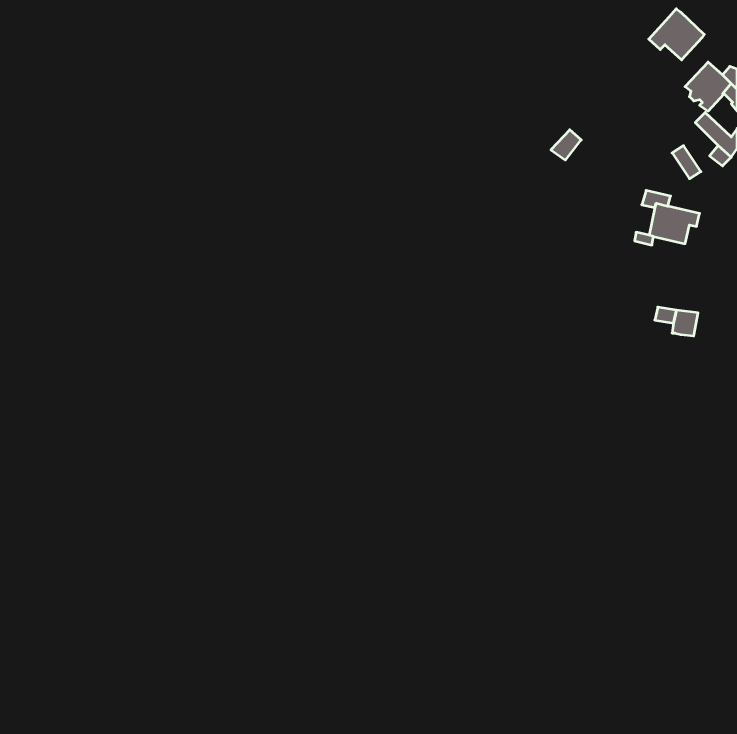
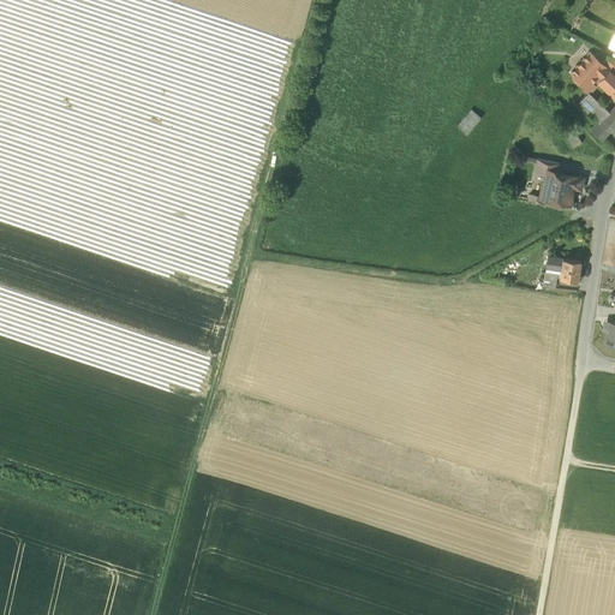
building: [649,9,704,60] -> none

